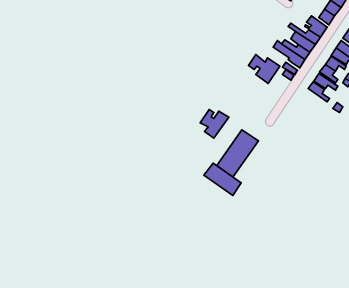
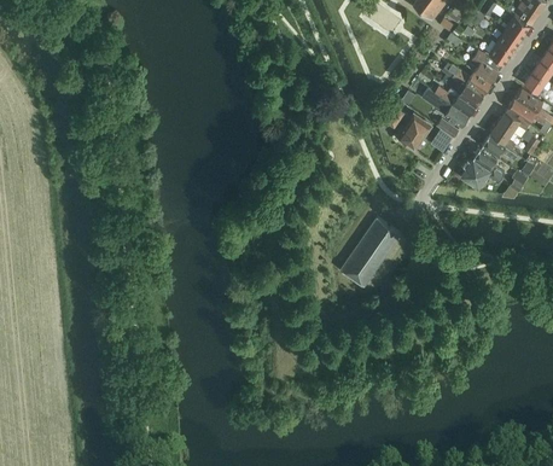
building: none -> [461,157,501,187]
building: [200,110,229,138] -> none
building: [204,163,241,195] -> none

